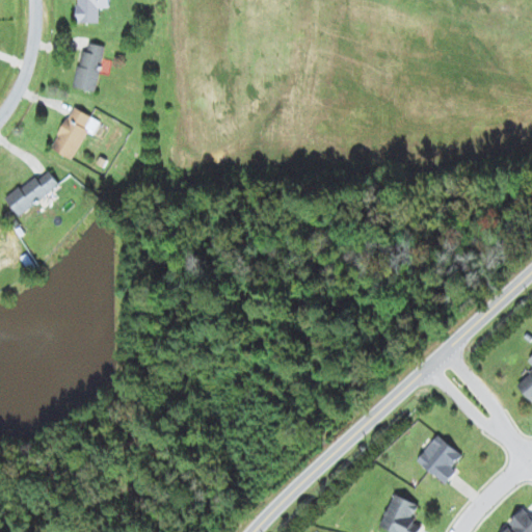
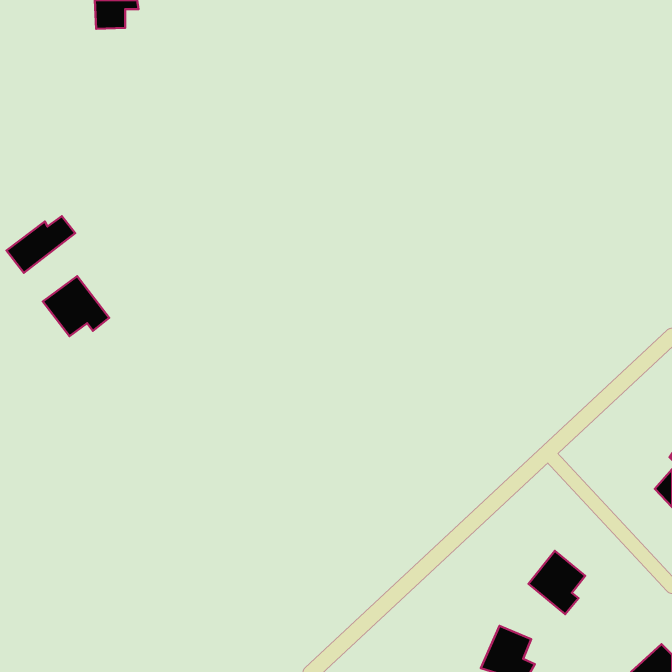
building: [75,46,102,91] -> none
building: [51,107,100,160] -> none
building: none -> [43,276,109,336]

